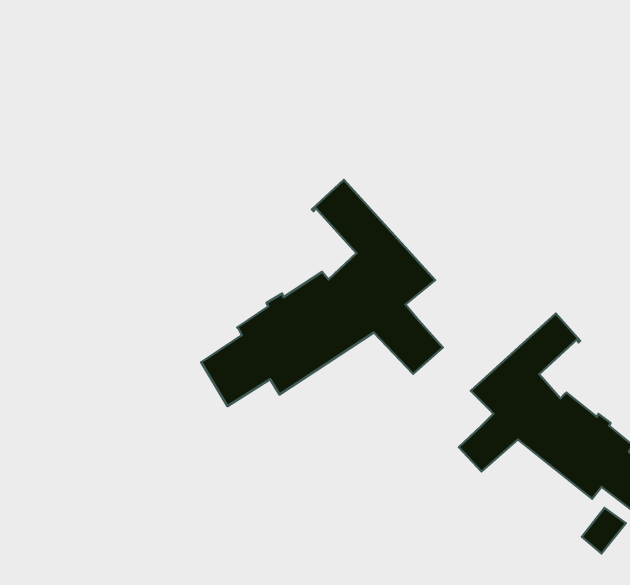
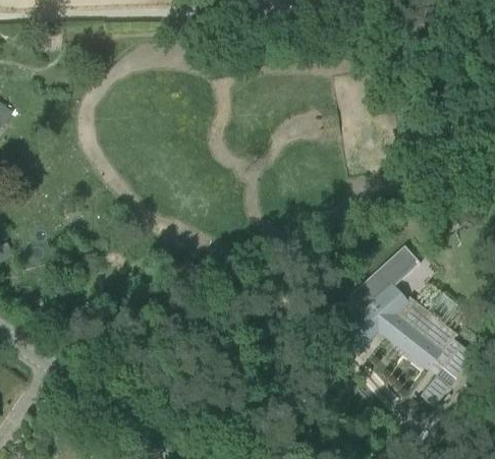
building: [201,180,443,406] -> none

